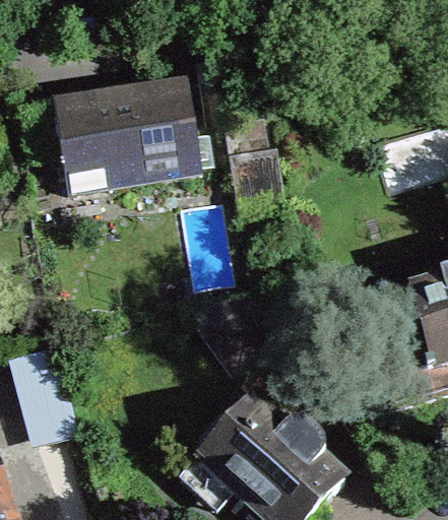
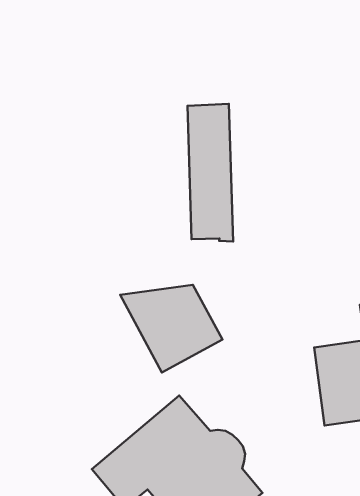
building: [55,78,214,189] -> none

